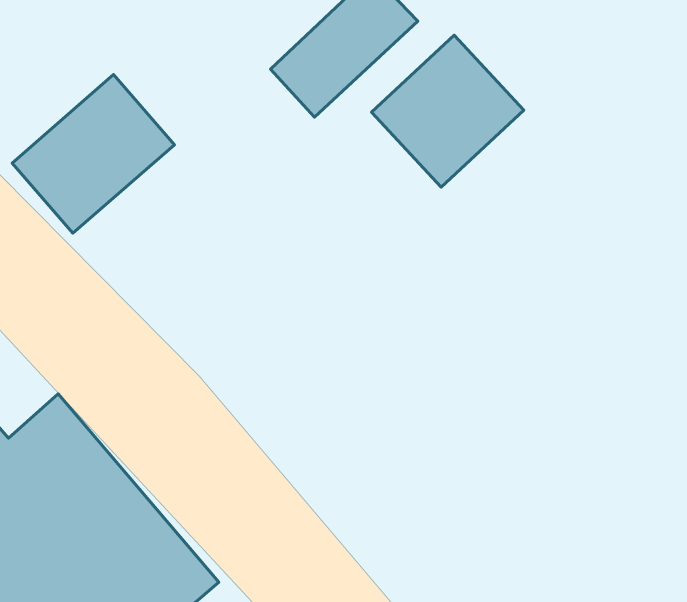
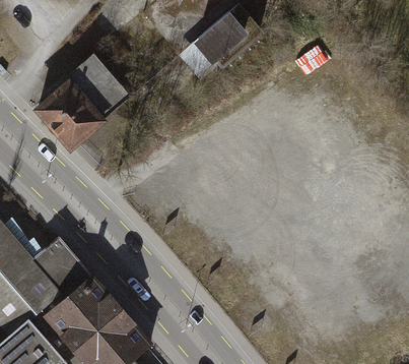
building: [371,35,524,187] -> none

